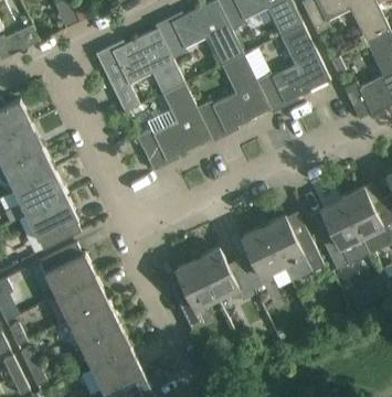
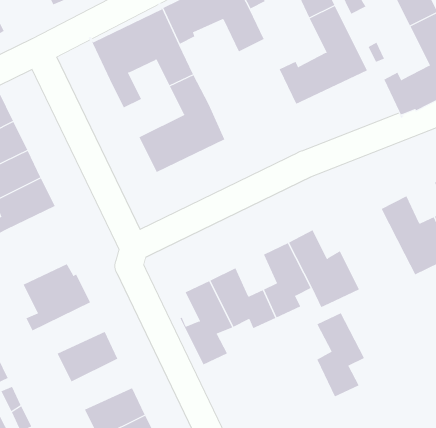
building: [197,54,269,139] -> none
building: [25,195,81,250] -> none
building: [320,197,361,269] -> [316,312,365,397]
building: [46,277,108,320] -> none
building: [80,324,131,367] -> none

